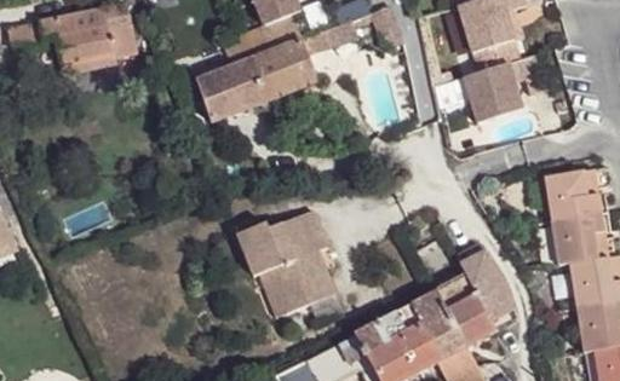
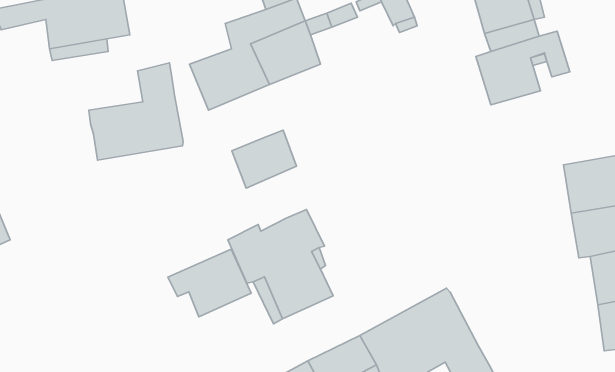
building: none -> [89,63,183,160]
building: none -> [232,130,297,188]
building: [440,250,516,346] -> none
building: none -> [168,249,251,317]

